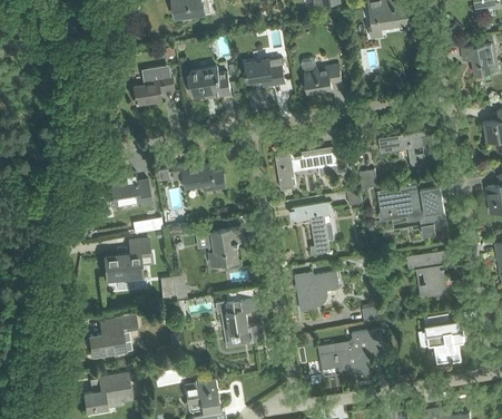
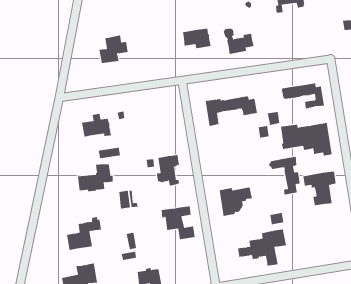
building: [187,67,230,96] -> none
building: [170,162,224,192] -> none
building: [289,202,333,254] -> [268,156,300,195]
building: [424,318,464,363] -> none

